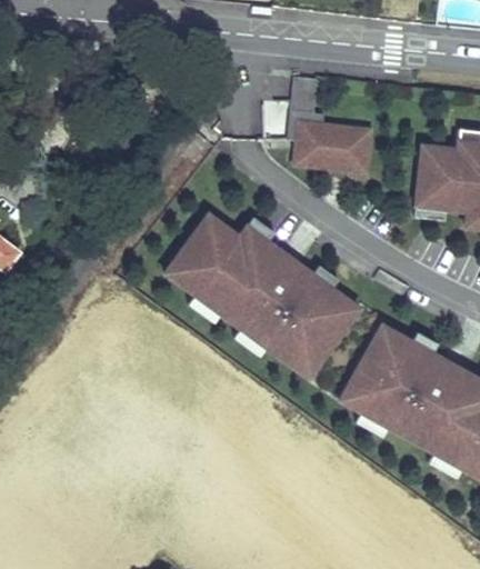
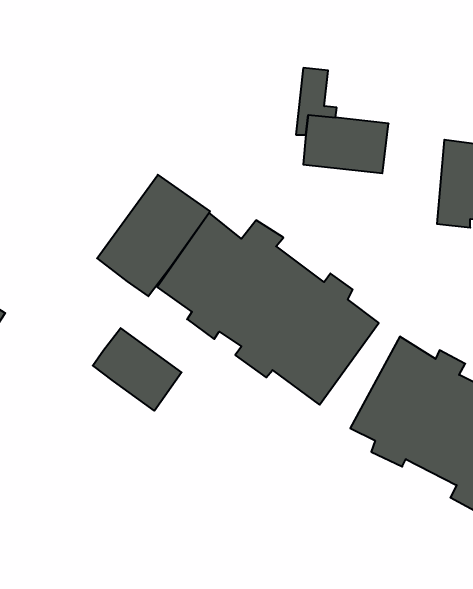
building: none -> [97,175,210,296]
building: none -> [93,328,182,411]

